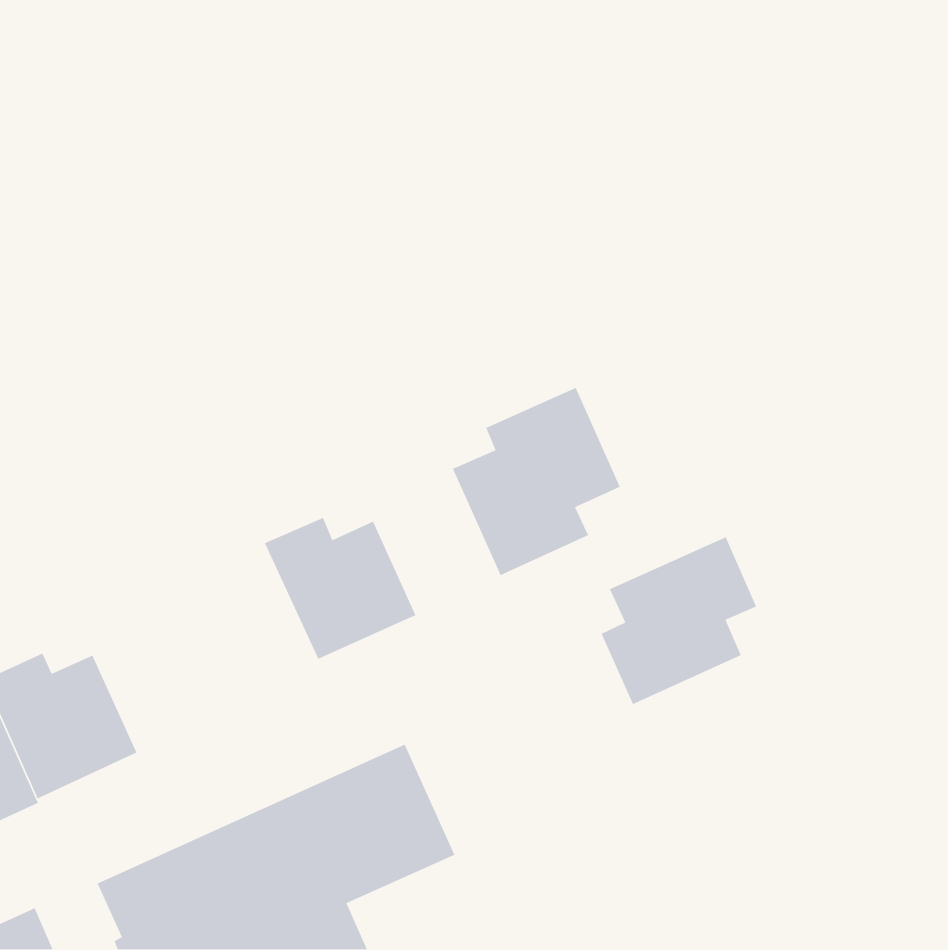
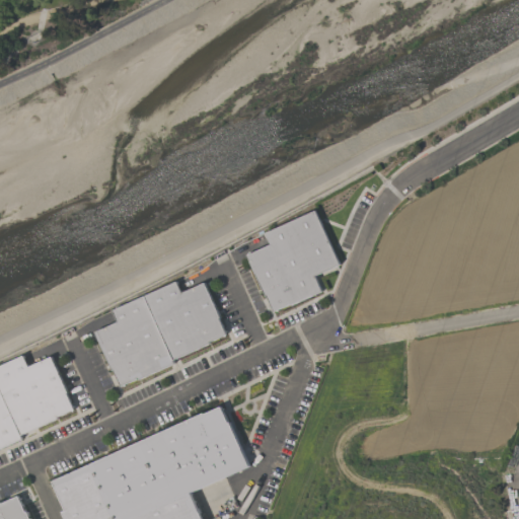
building: [600,536,757,705] -> none
building: none -> [94,296,174,388]

